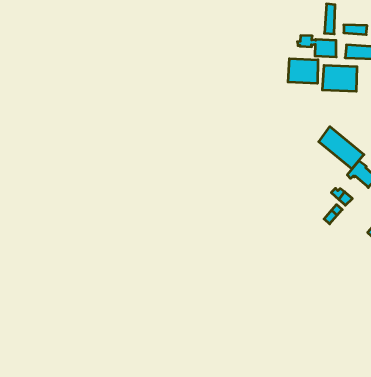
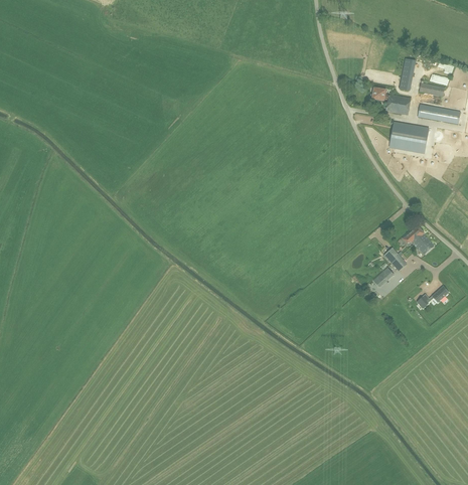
building: [288,59,318,83] -> none
building: [319,127,364,169] -> none

